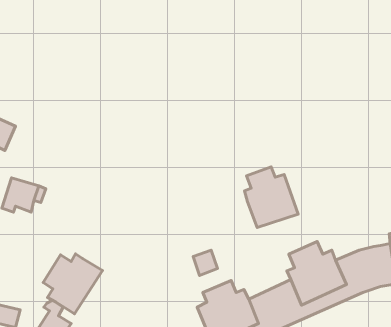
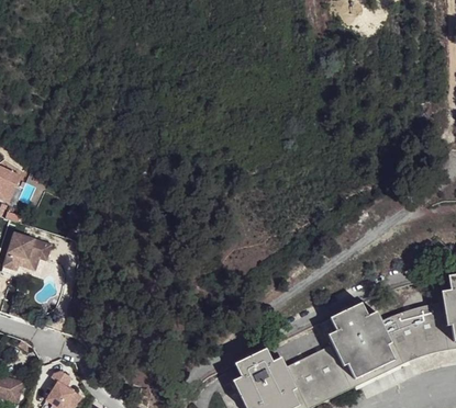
building: [244,167,298,227] -> none
building: [193,250,218,276] -> none
building: [43,254,102,314] -> none

